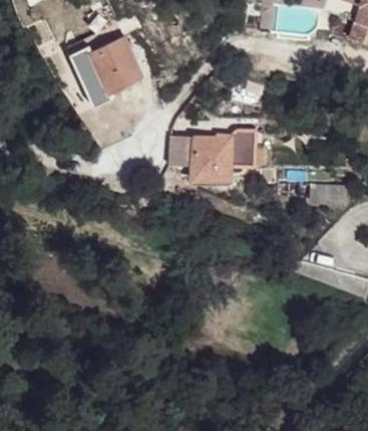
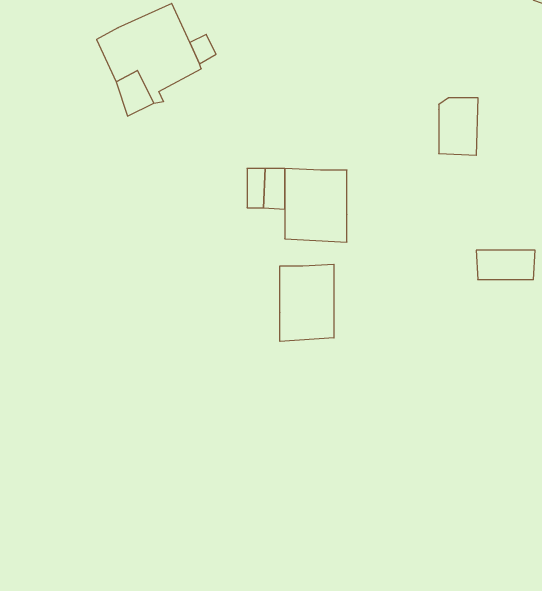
building: [232,133,256,168] -> [439,98,478,155]
building: none -> [280,264,334,341]

